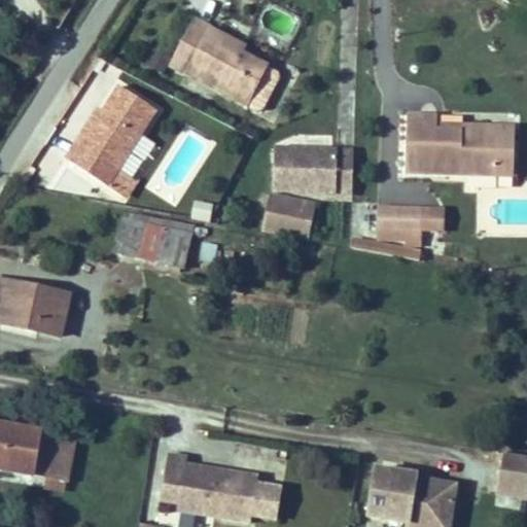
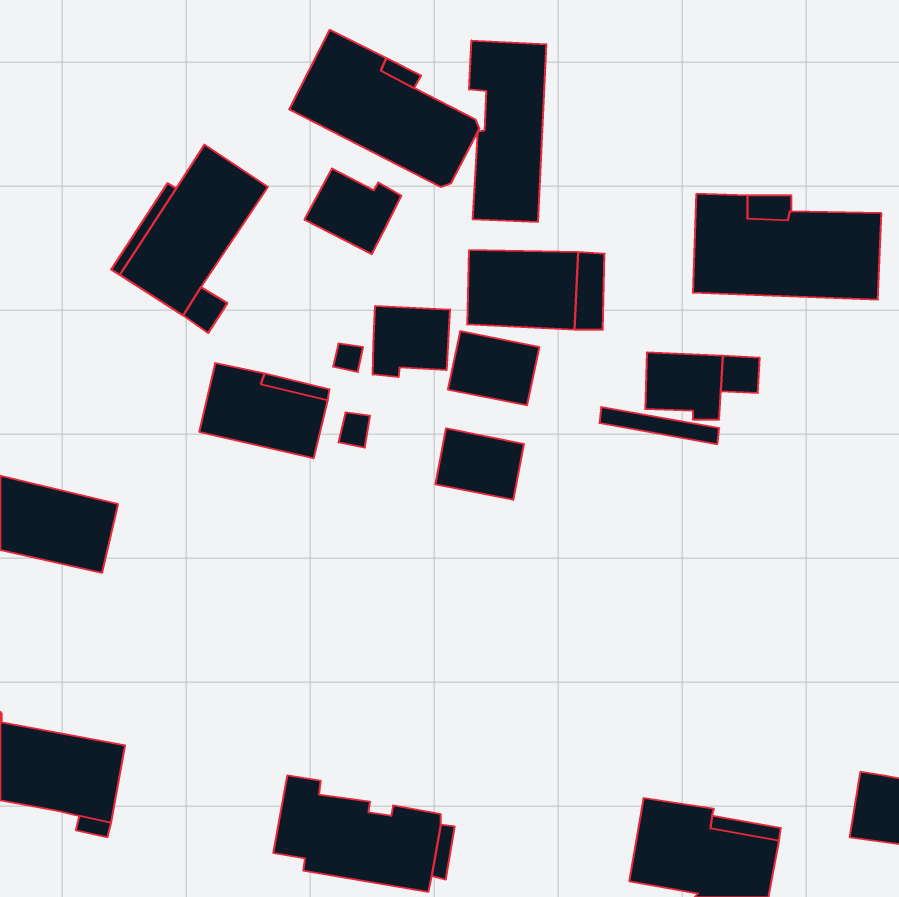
building: none -> [469,40,546,222]
building: none -> [305,168,401,254]
building: none -> [373,306,450,377]
building: none -> [435,428,524,500]

